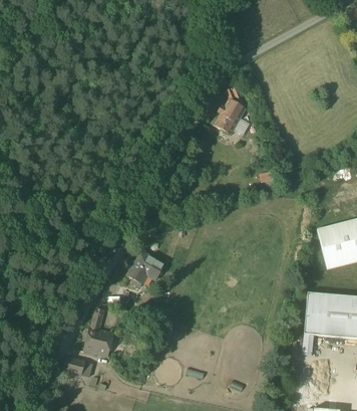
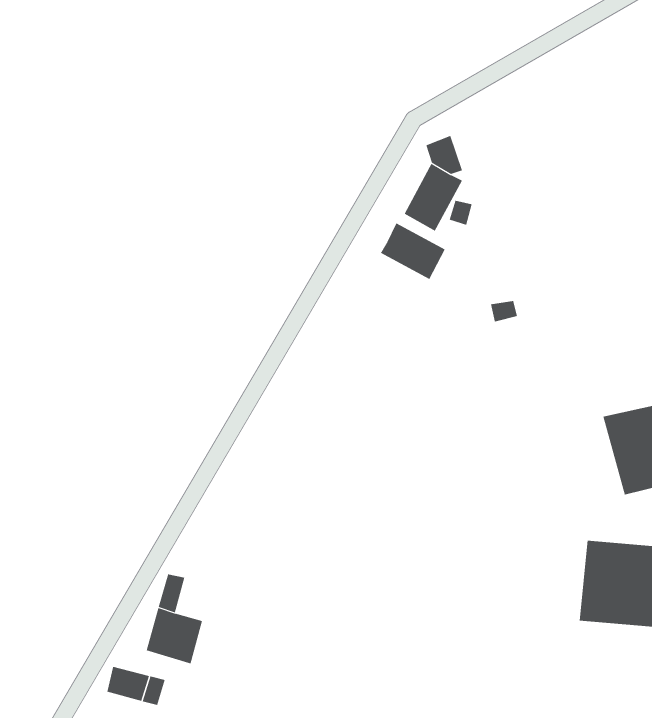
building: none -> [380,223,445,280]
building: [126,250,164,282] -> none

